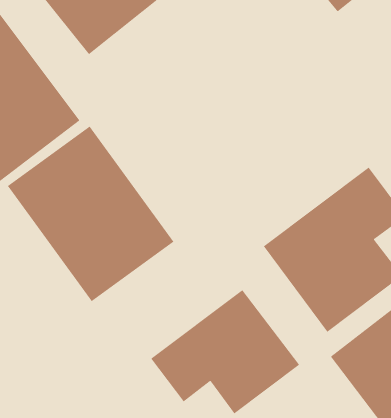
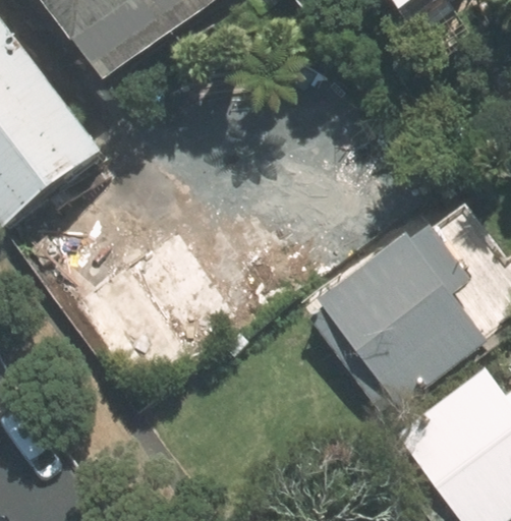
building: [150,289,300,414] -> none

